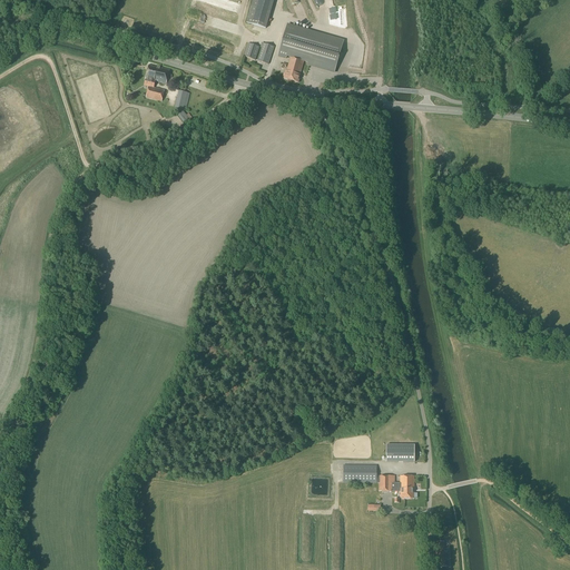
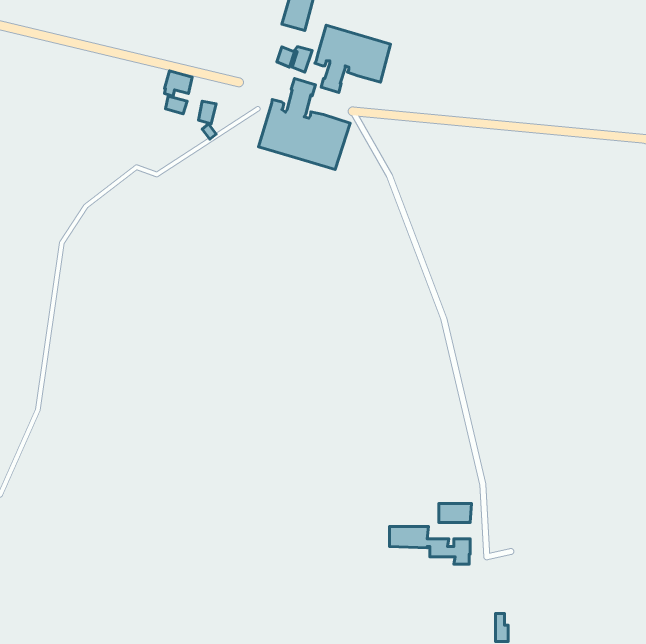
building: none -> [258,78,350,170]

